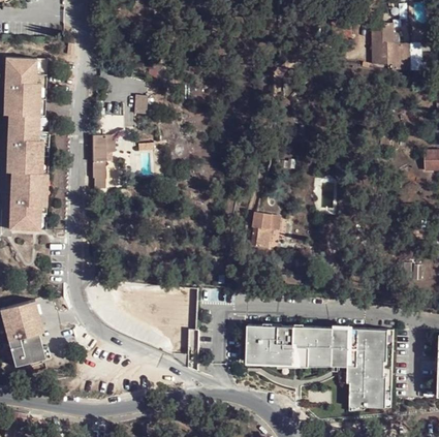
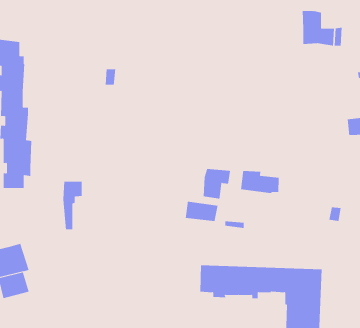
building: [91,134,115,192] -> [63,181,83,230]
building: none -> [241,170,279,194]
building: none -> [185,201,218,222]

